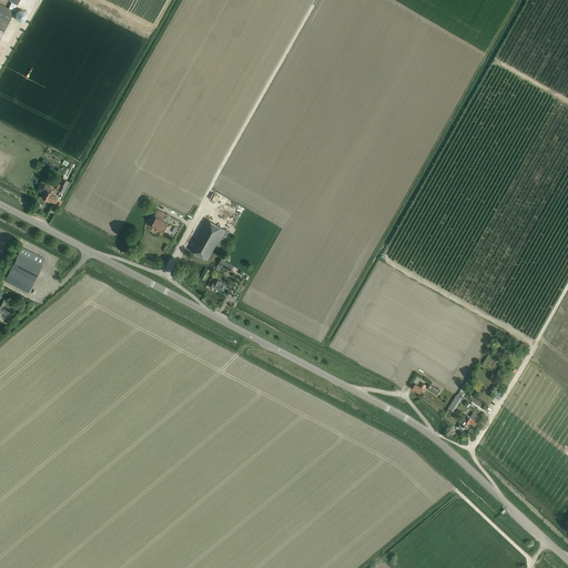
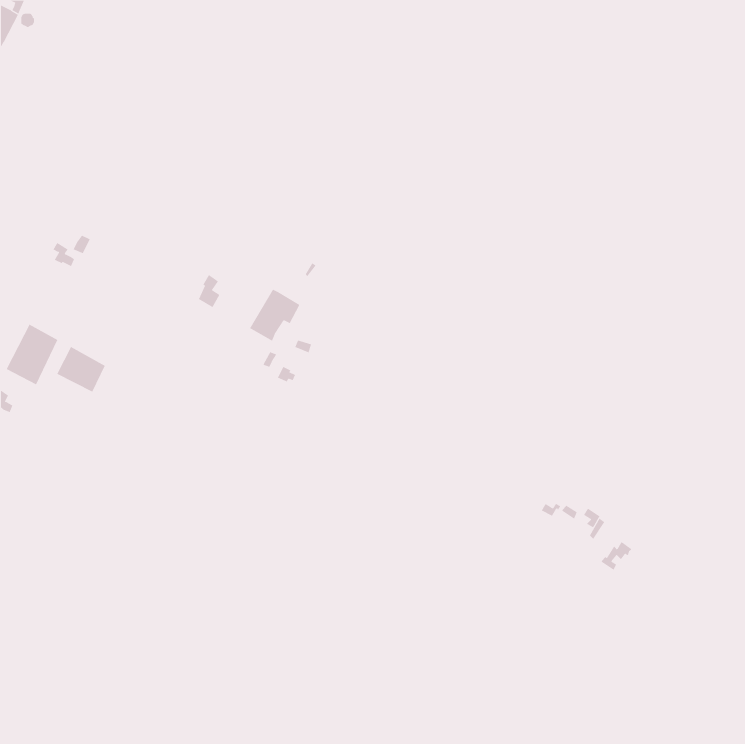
building: none -> [57,346,106,393]

